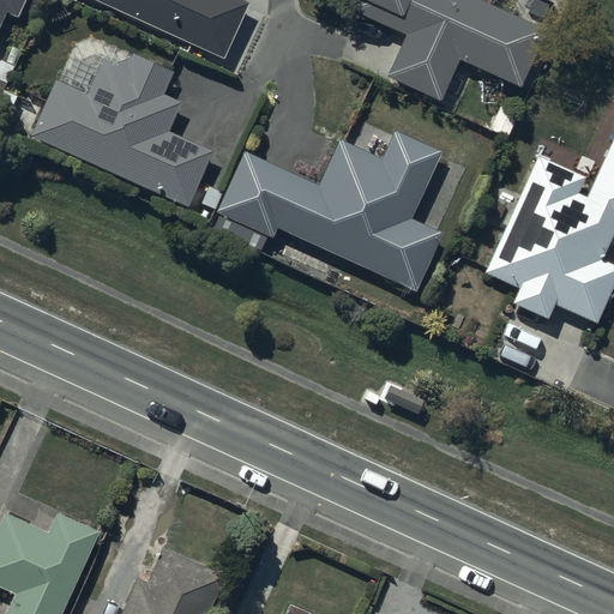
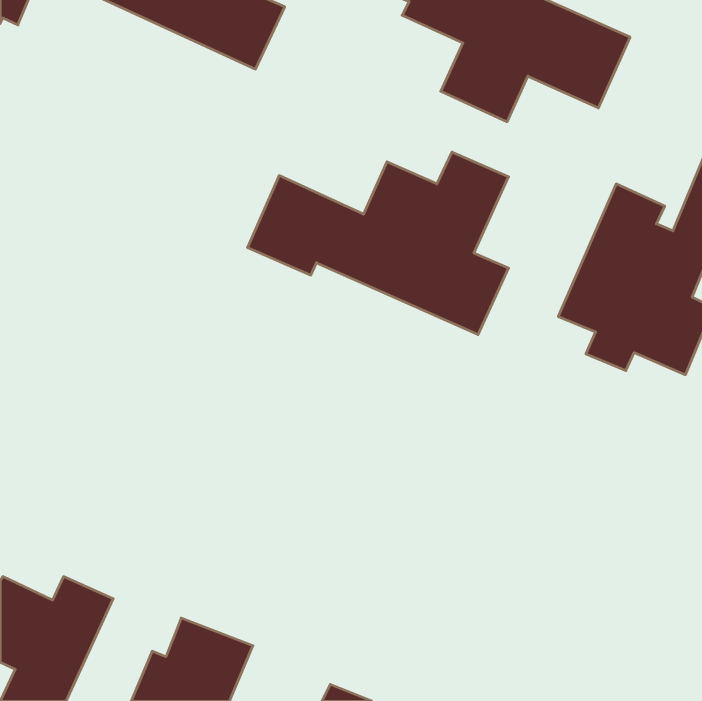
building: [29,55,218,212] -> none

